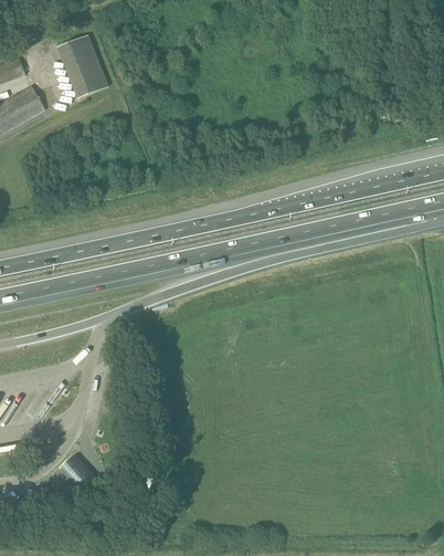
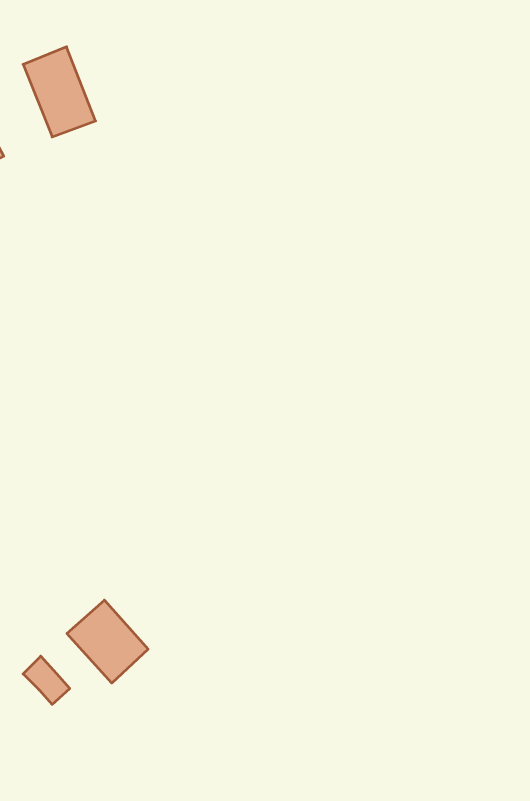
building: none -> [67,600,148,683]

